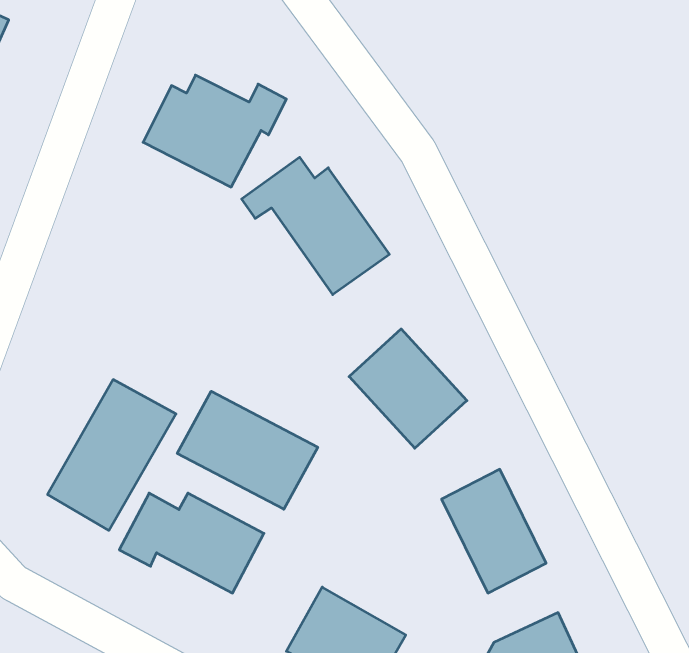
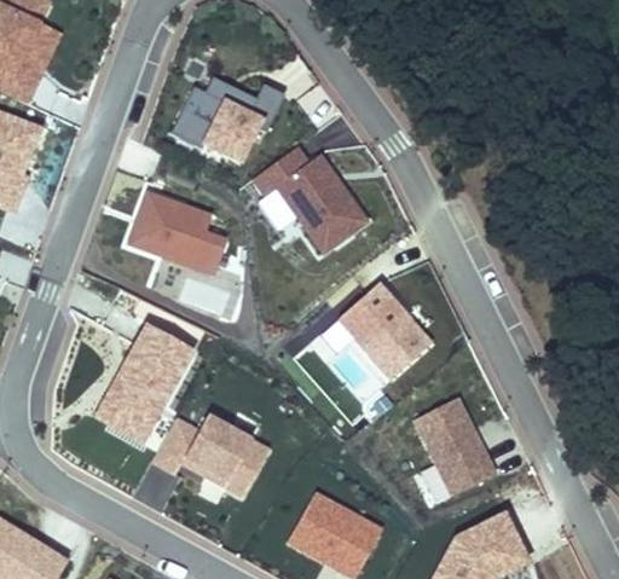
building: none -> [127,191,228,277]
building: [177,391,318,509] -> none

